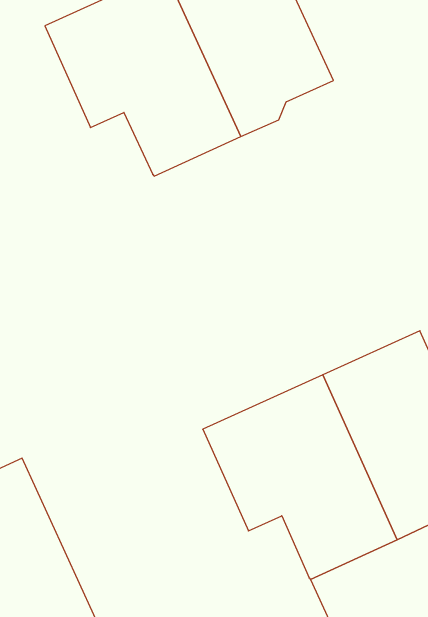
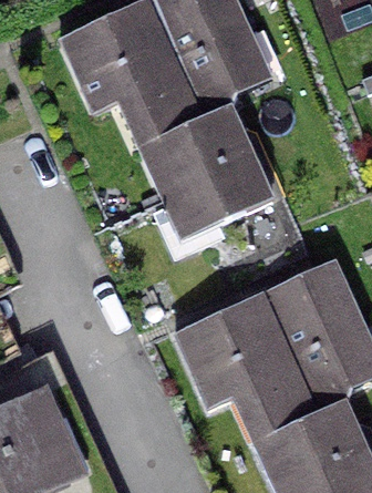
building: none -> [140,107,271,255]

